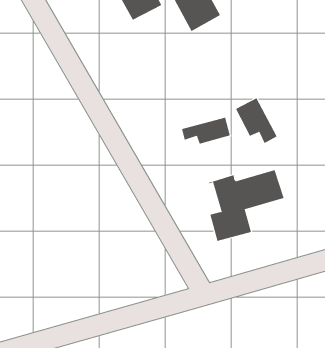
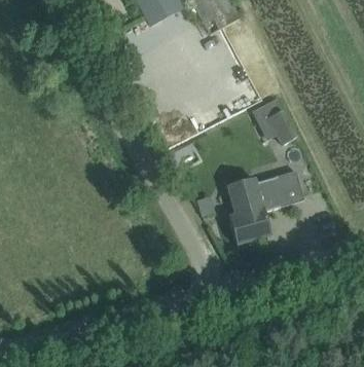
building: [181,117,231,144] -> none

